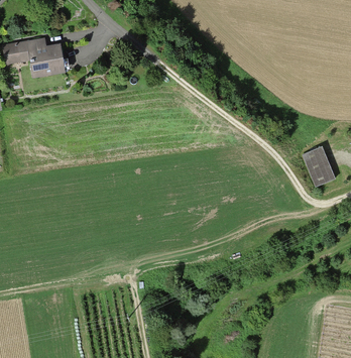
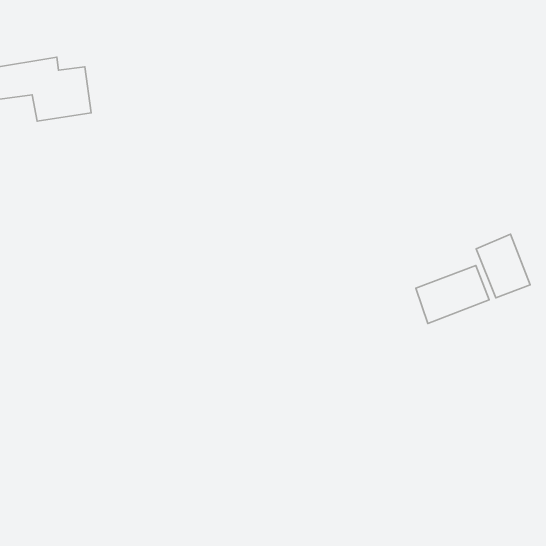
building: none -> [416,266,489,323]

